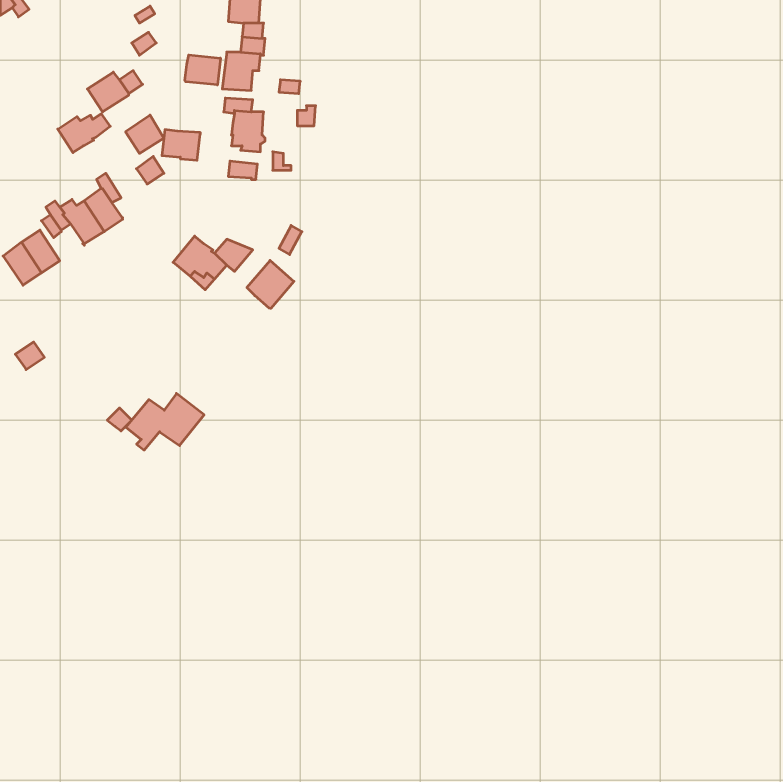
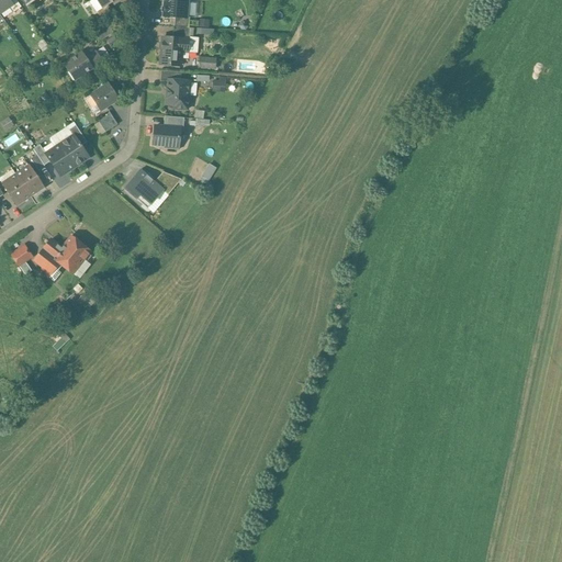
building: [185,55,220,85] -> none
building: [58,114,110,153] -> none
building: [162,130,200,160] -> [153,125,180,147]
building: [247,260,294,308] -> none
building: [126,393,204,450] -> [34,235,90,276]

